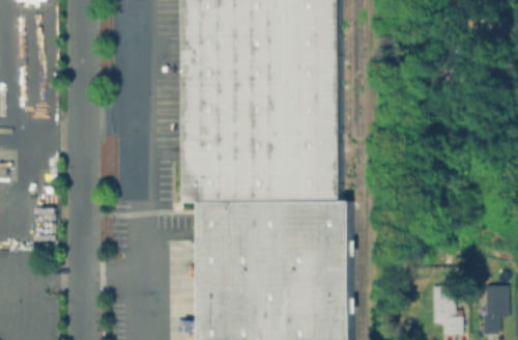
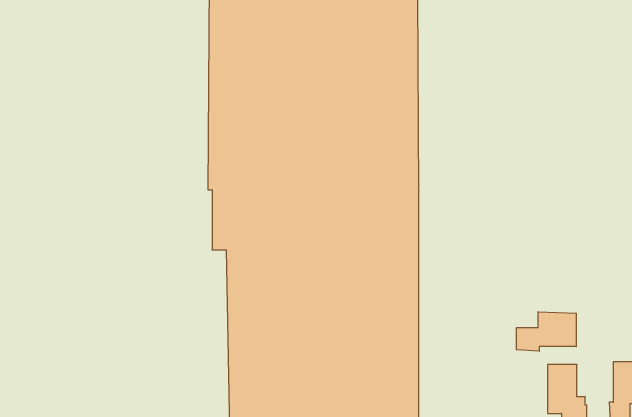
building: none -> [516,312,576,351]

